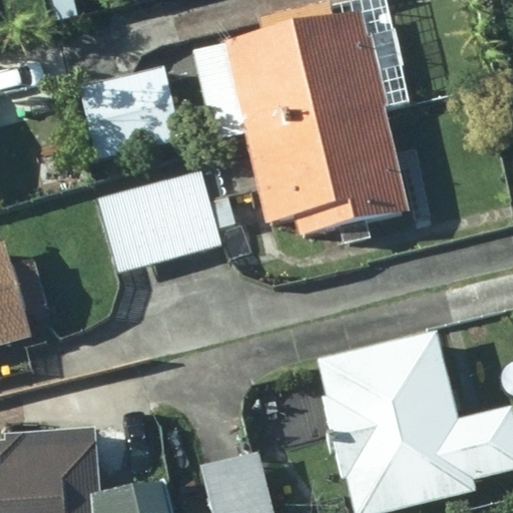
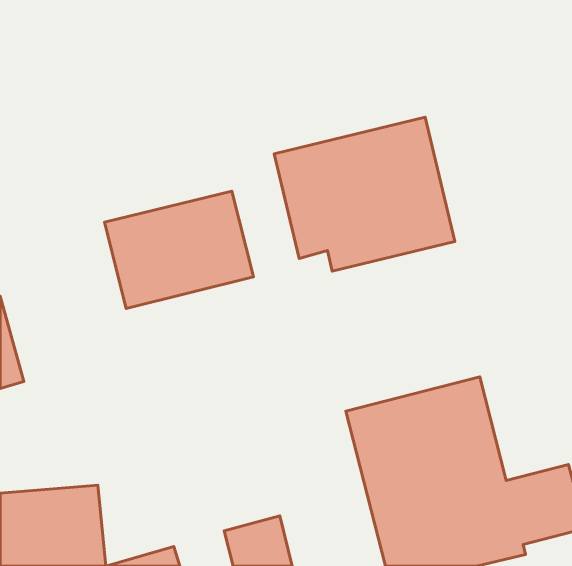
building: [194,16,383,143] -> none
building: [78,64,180,153] -> none

